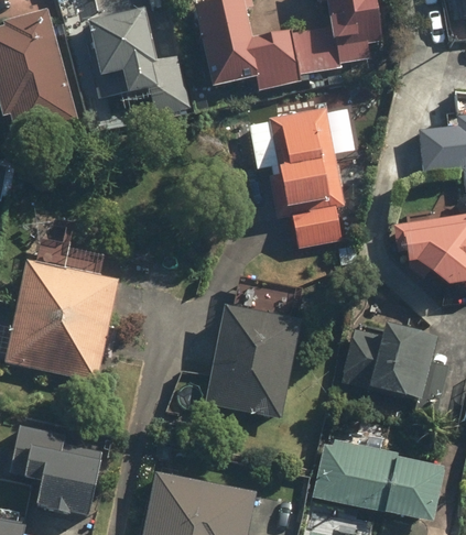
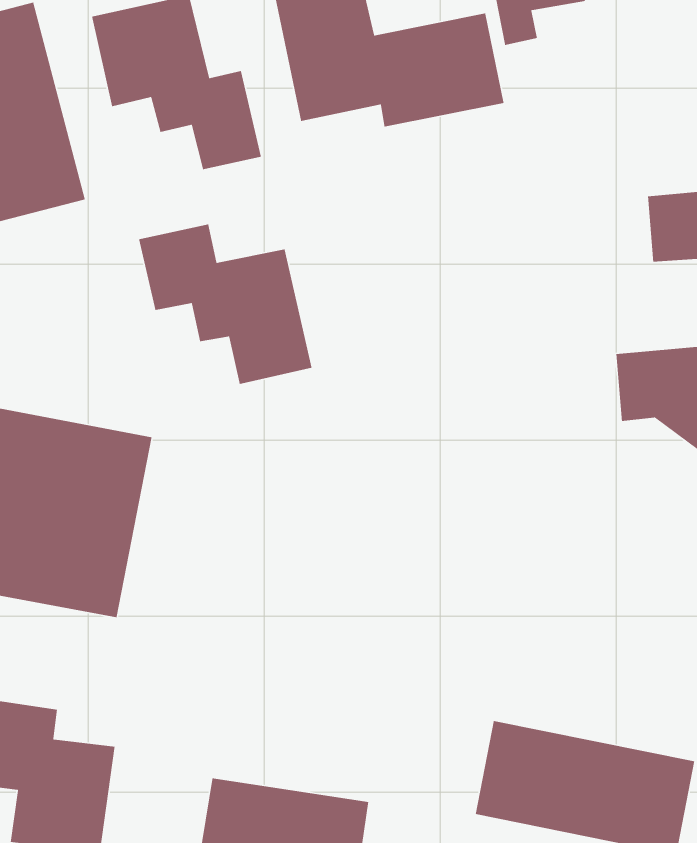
building: [271,110,342,247] -> none
building: none -> [138,224,312,385]
building: [205,305,301,416] -> none
building: [342,321,440,400] -> none

